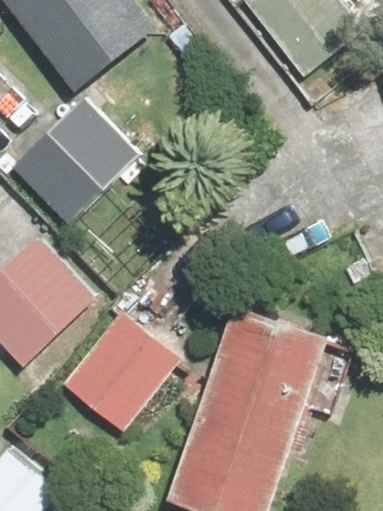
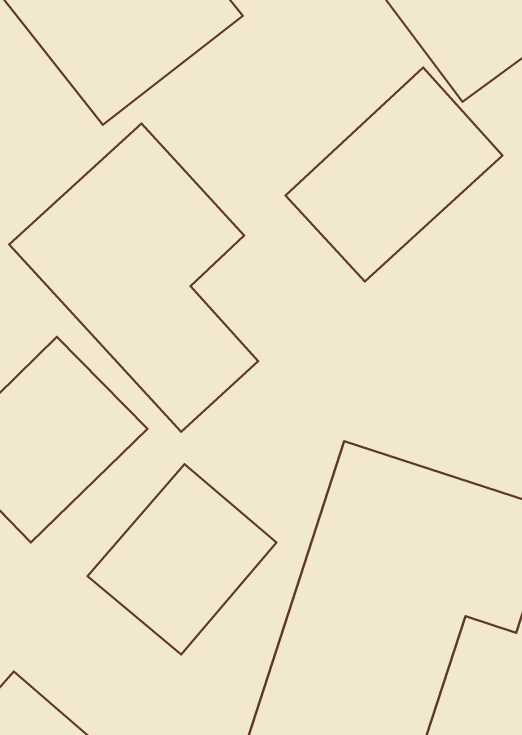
building: none -> [286,68,502,282]

